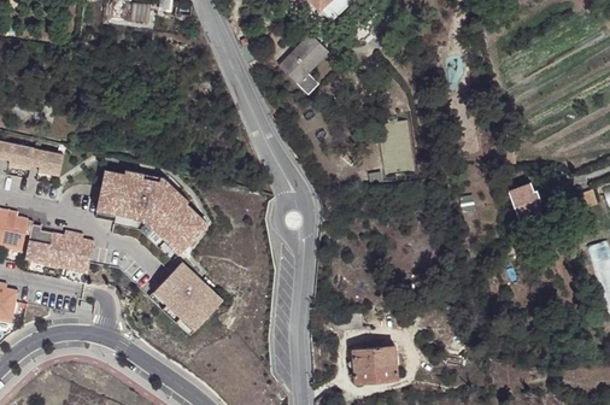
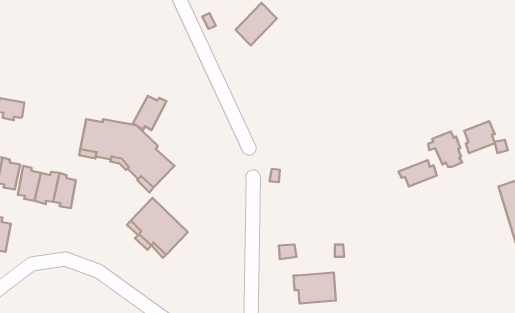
building: none -> [133,96,167,130]
building: [30,151,63,176] -> none
building: none -> [464,121,495,153]
building: none -> [398,160,437,186]

